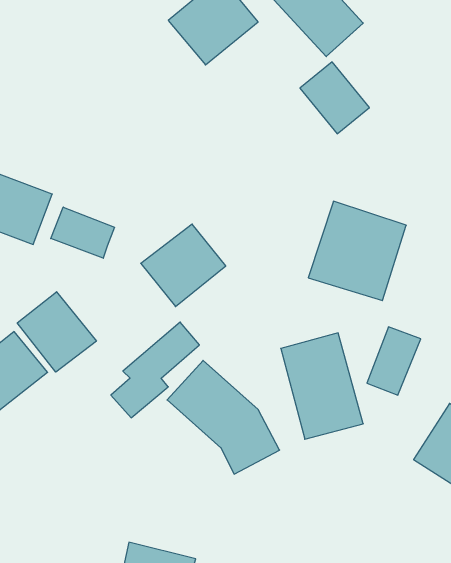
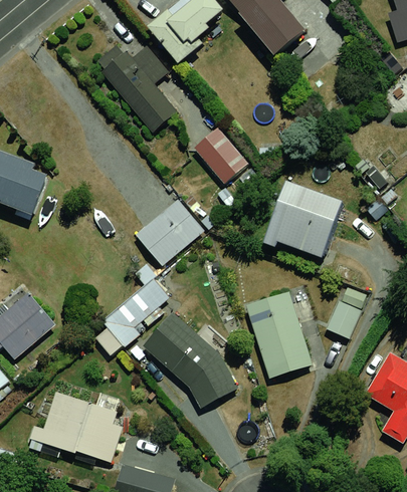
building: none -> [100,46,173,133]
building: [300,62,369,134] -> [188,125,246,185]
building: [51,207,114,258] -> none
building: [17,292,96,372] -> none
building: none -> [35,392,121,463]

